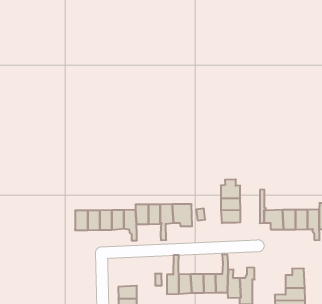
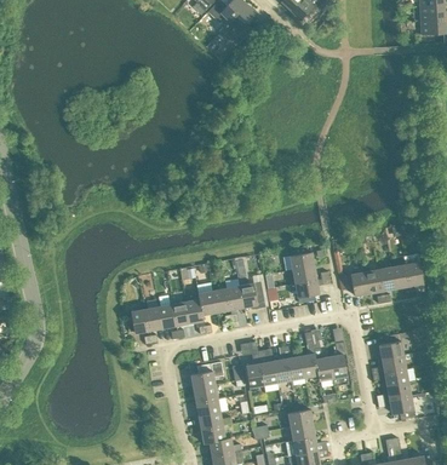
building: none -> [191,362,223,389]

